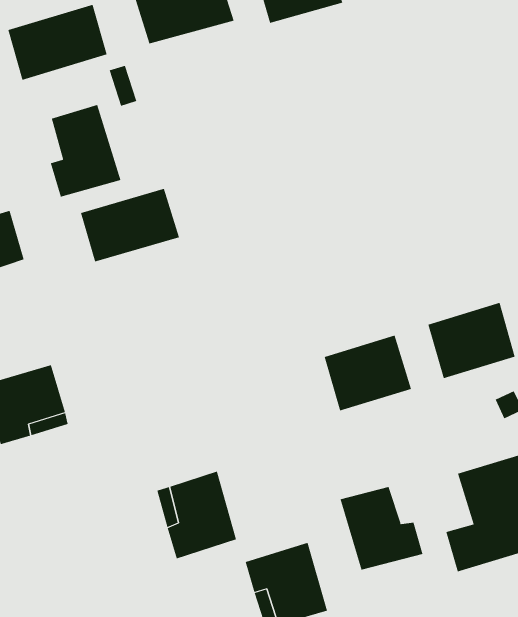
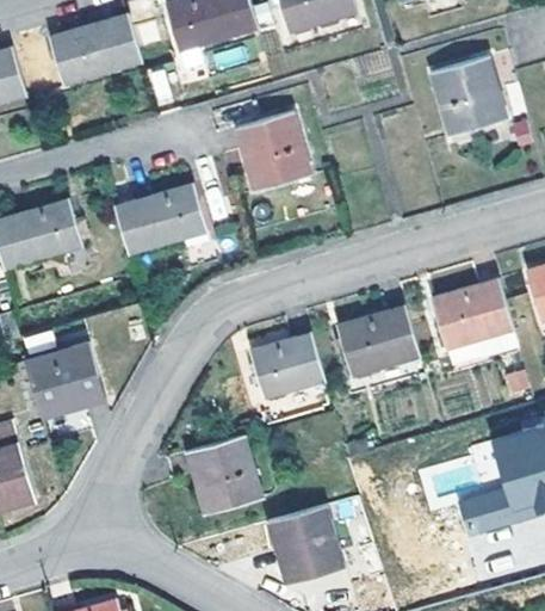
building: none -> [433,62,508,140]
building: [50,104,121,198] -> none
building: none -> [239,112,315,192]
building: none -> [252,337,324,402]
building: [340,486,423,571] -> none

